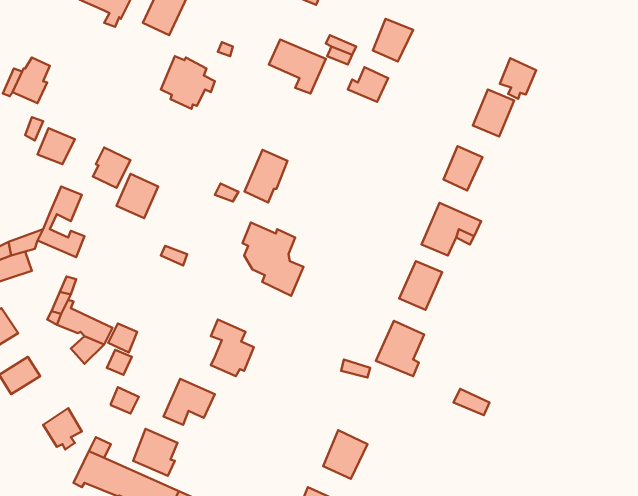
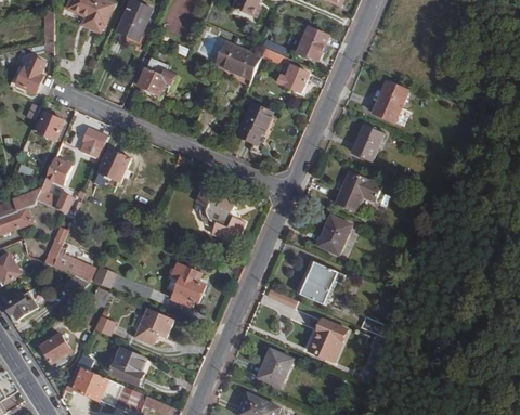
building: [500,58,536,99] -> none
building: [245,150,288,203] -> [237,102,271,143]
building: none -> [308,319,346,361]

